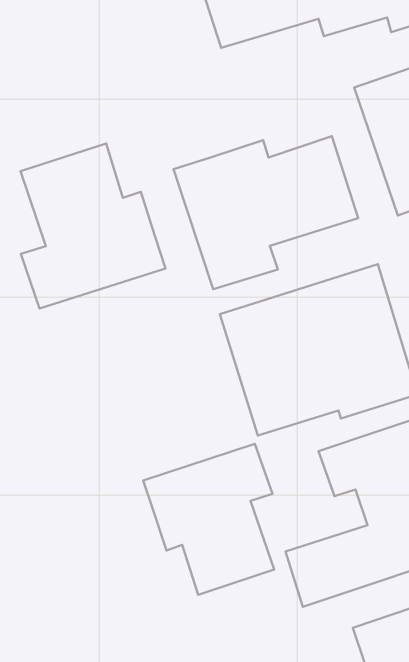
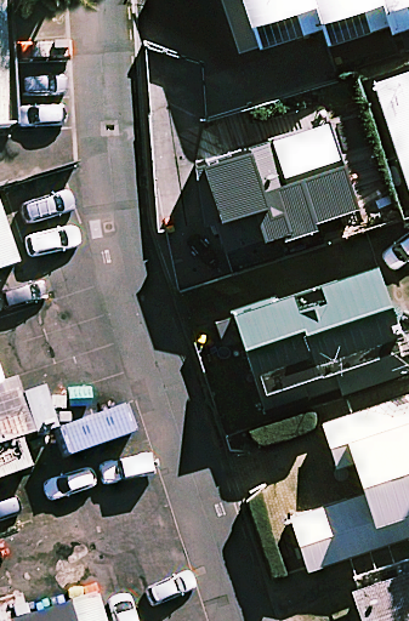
building: [21,144,165,308] -> none
building: [143,444,274,595] -> none

